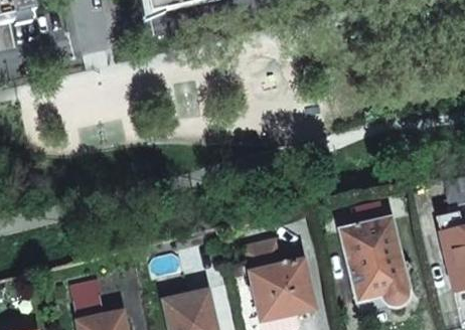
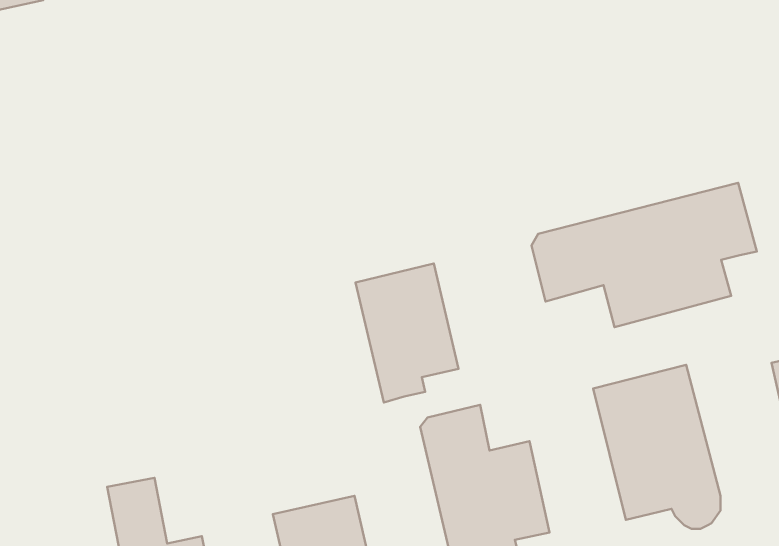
building: none -> [532,183,757,327]
building: none -> [356,263,459,402]

